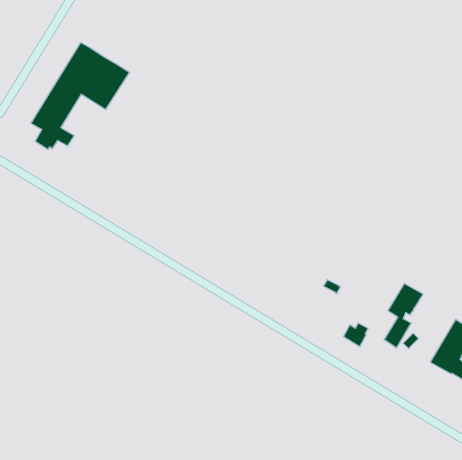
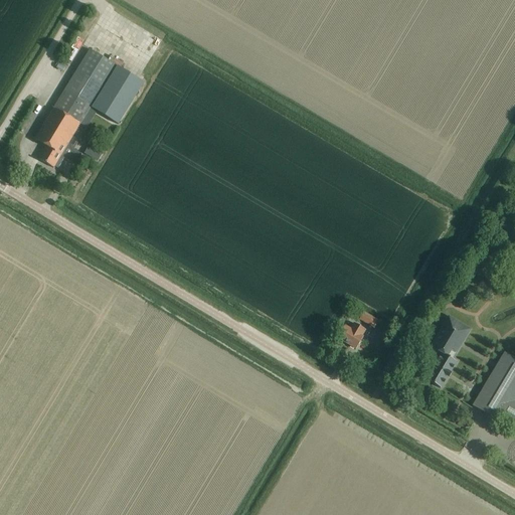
building: [344,323,368,347] -> [339,321,366,347]

